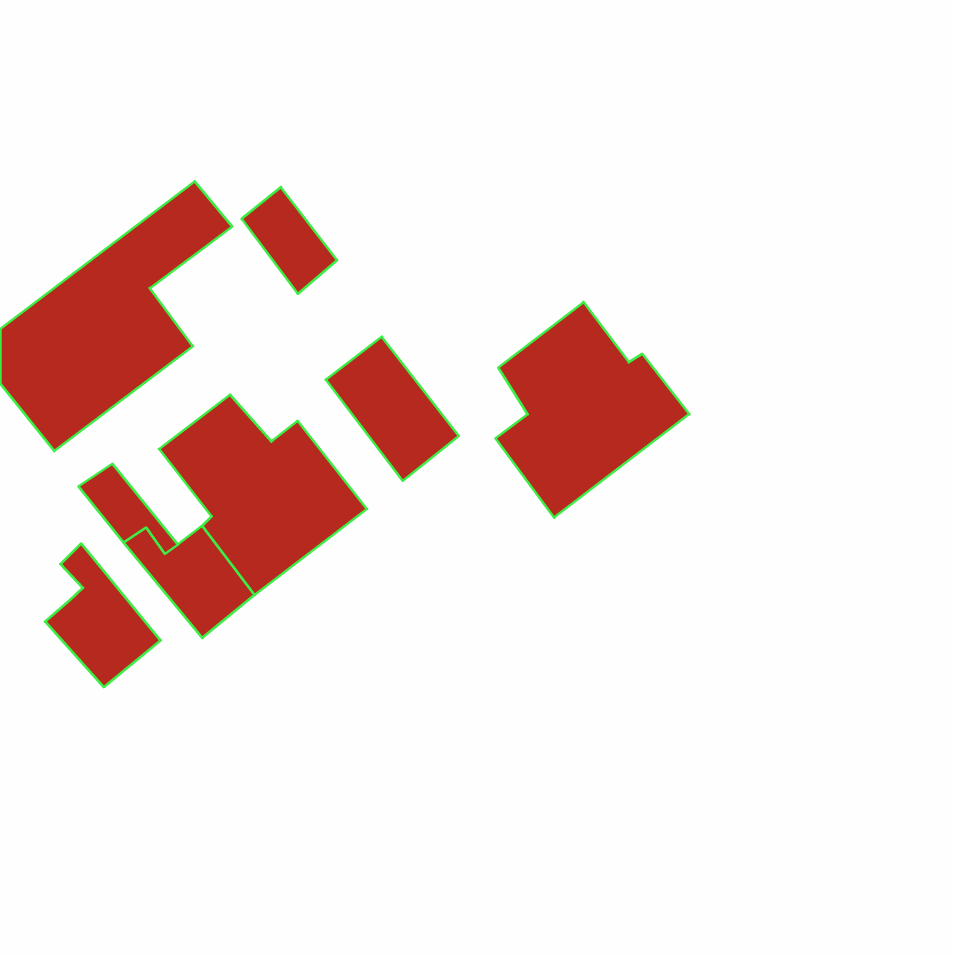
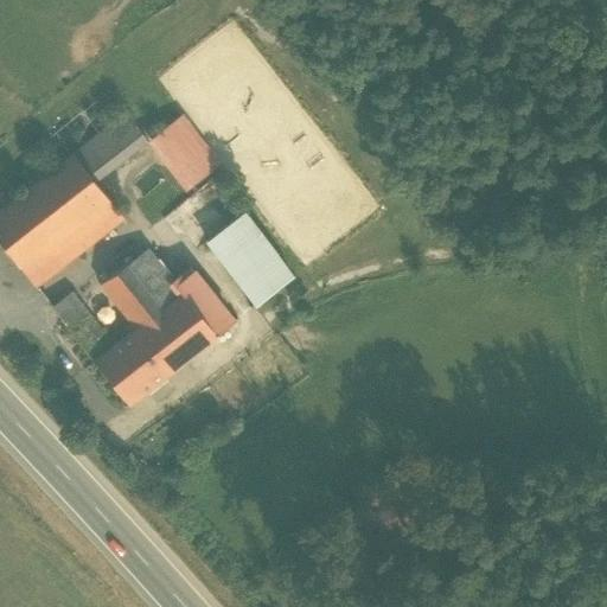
building: [496,302,689,518] -> none
building: [45,544,161,687] -> none

